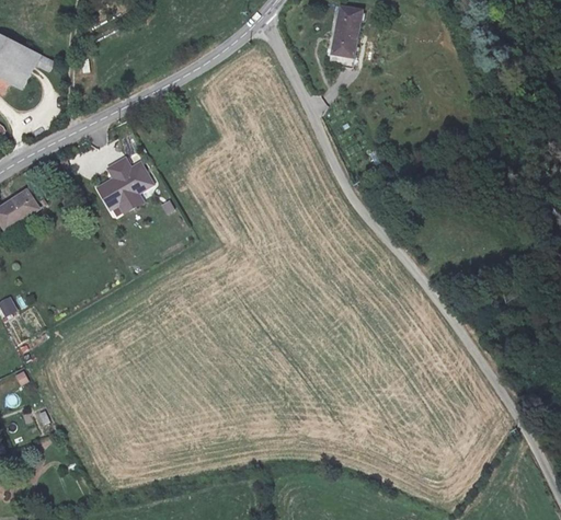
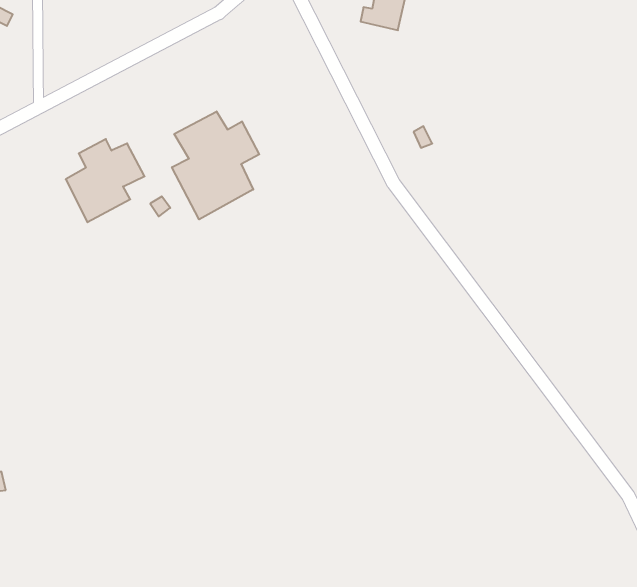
building: none -> [172,111,259,219]

